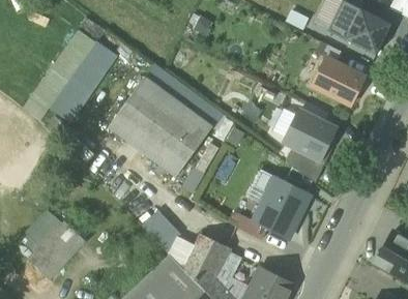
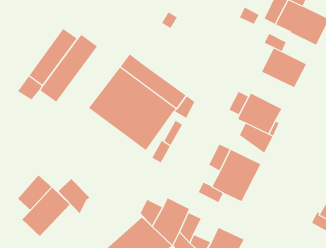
building: [142,210,180,252] -> [58,178,90,214]

